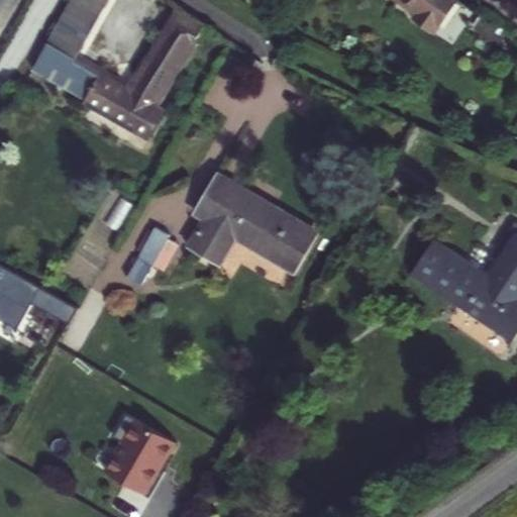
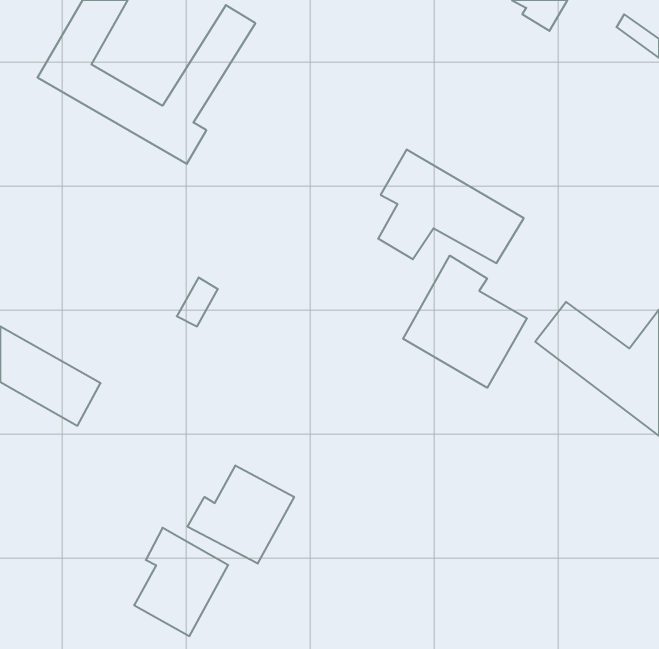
building: [197,176,311,265] -> [378,150,524,263]
building: none -> [403,256,527,388]
building: none -> [188,465,294,564]

